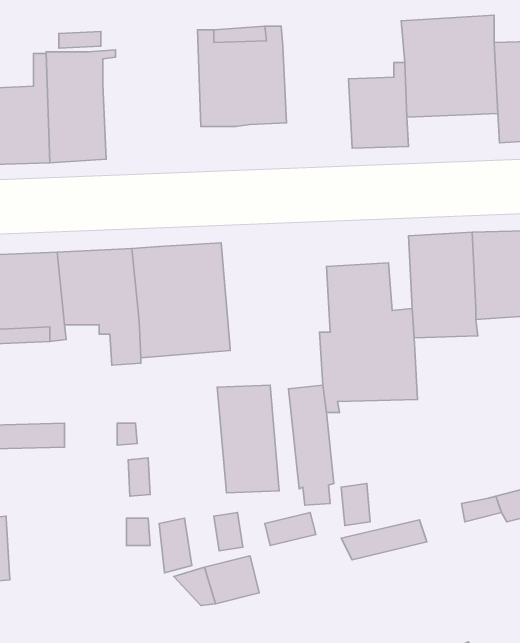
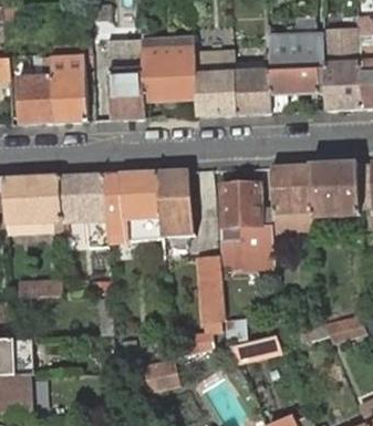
building: none -> [107,39,144,118]
building: none -> [194,50,236,115]
building: [217,385,279,493] -> [156,169,194,235]

